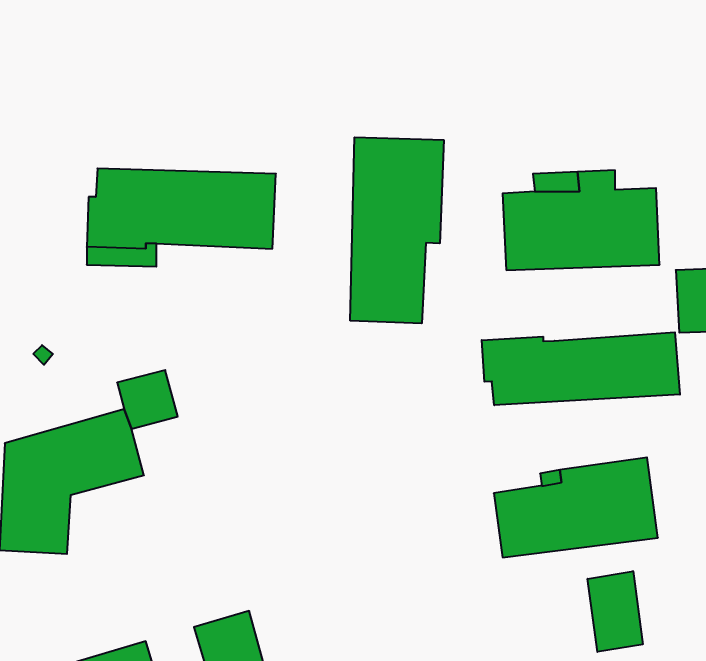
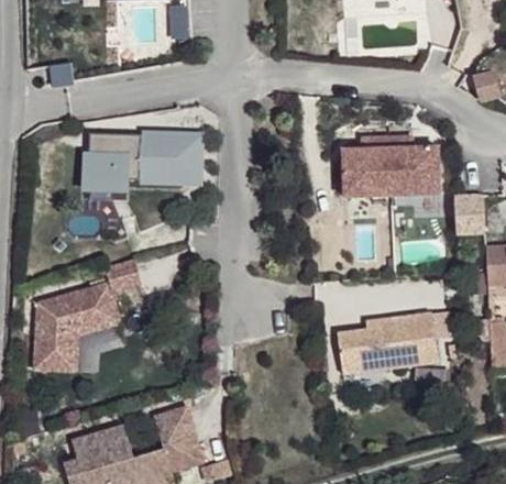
building: [350,137,444,323] -> none
building: [482,332,680,405] -> none
building: [588,571,643,652] -> none

